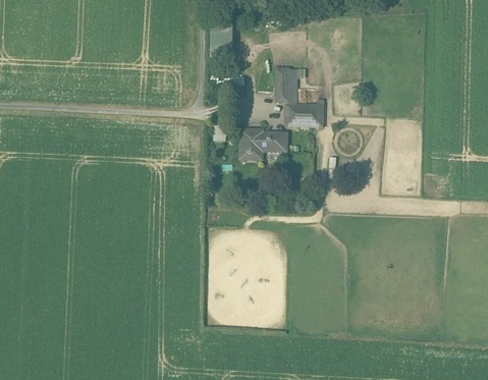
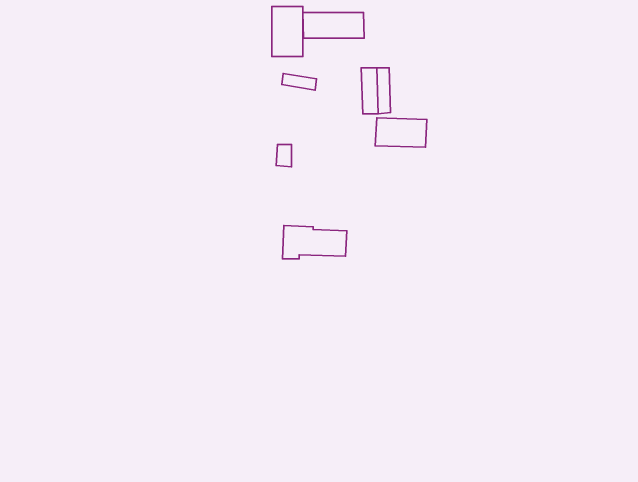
building: none -> [303,12,364,38]
building: [239,128,286,153] -> [283,225,347,259]

